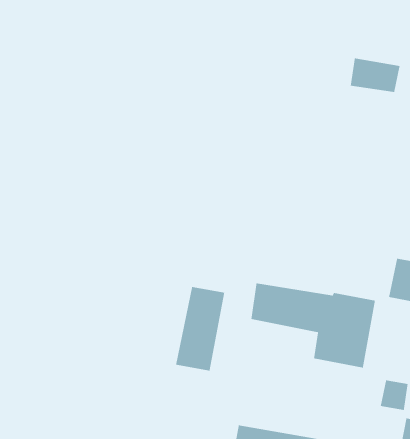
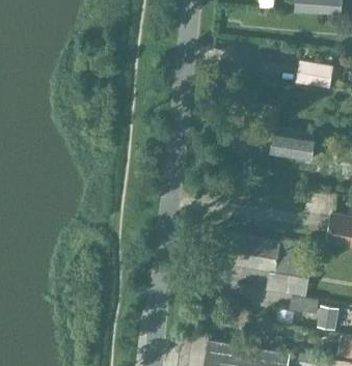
building: none -> [272,130,316,161]
building: [175,286,225,372] -> none

